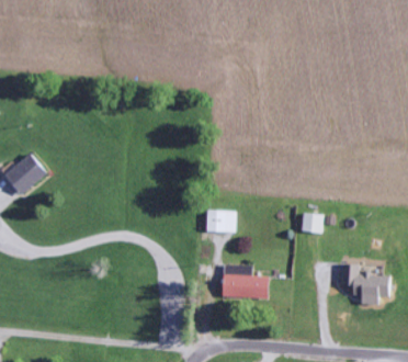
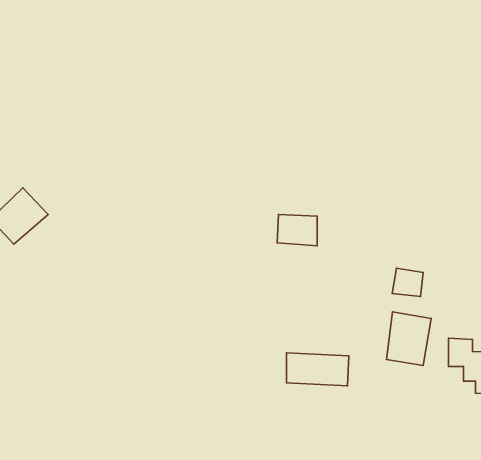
building: [206,210,236,233] -> [277,215,317,246]
building: none -> [386,312,431,365]

